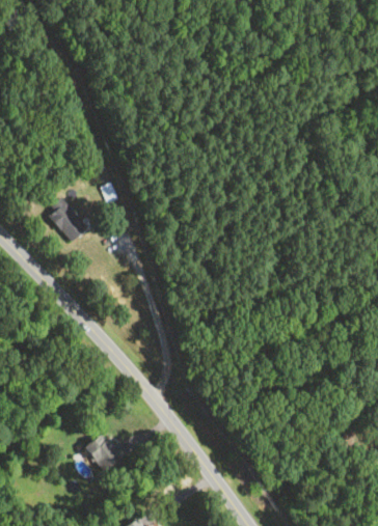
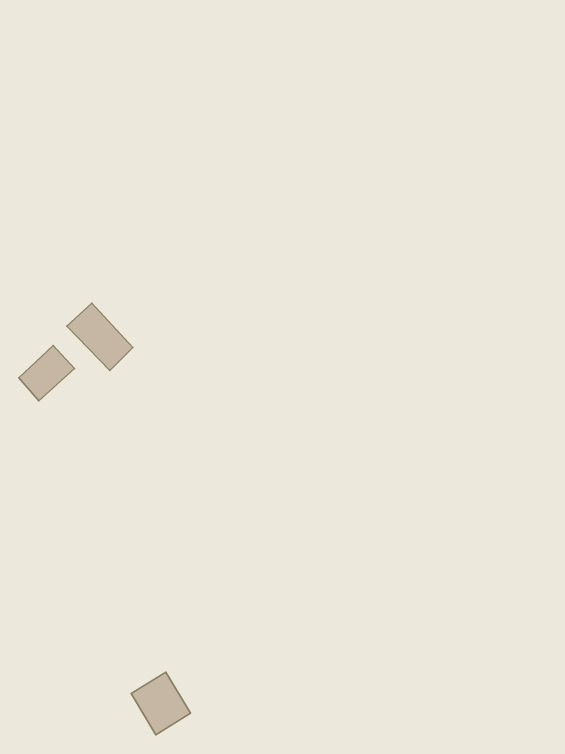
building: none -> [19,346,75,401]

